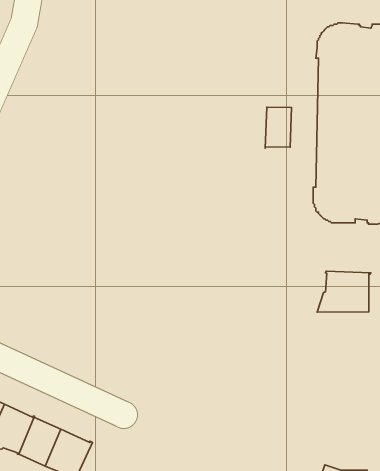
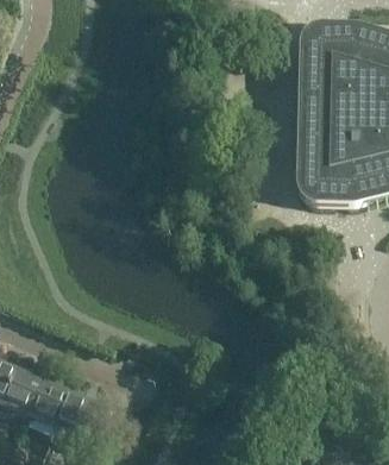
building: [265,107,292,148] -> none
building: [317,271,371,312] -> none

